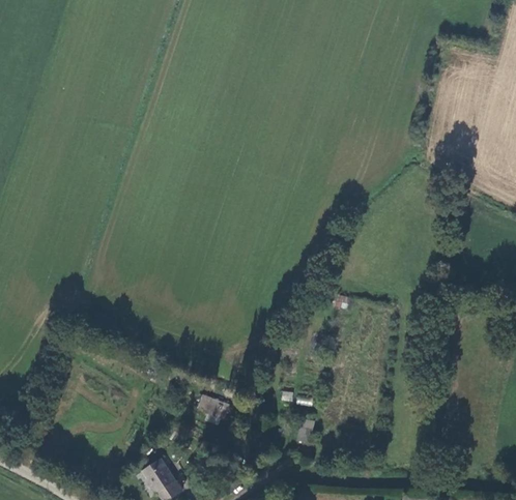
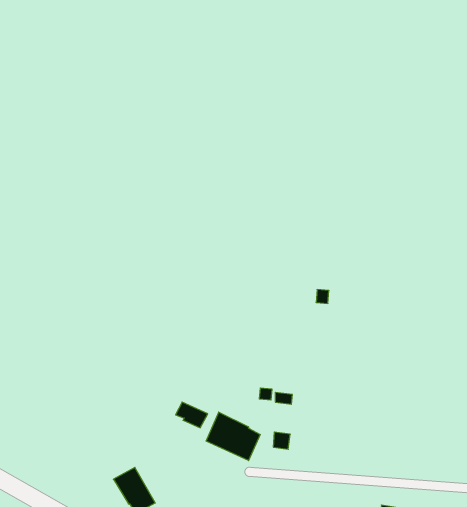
building: none -> [206,412,260,461]

